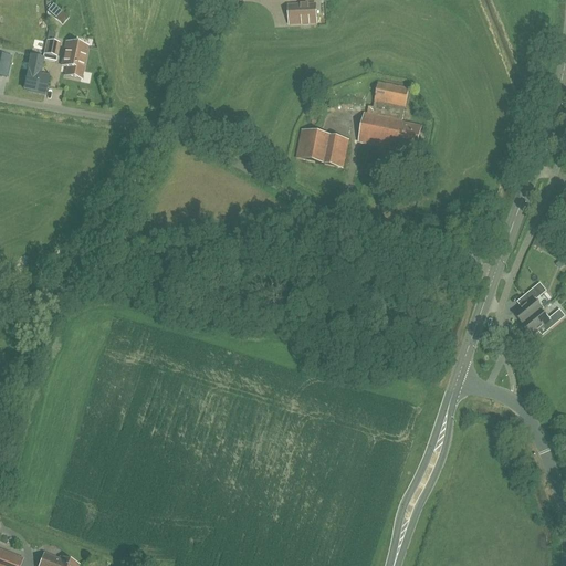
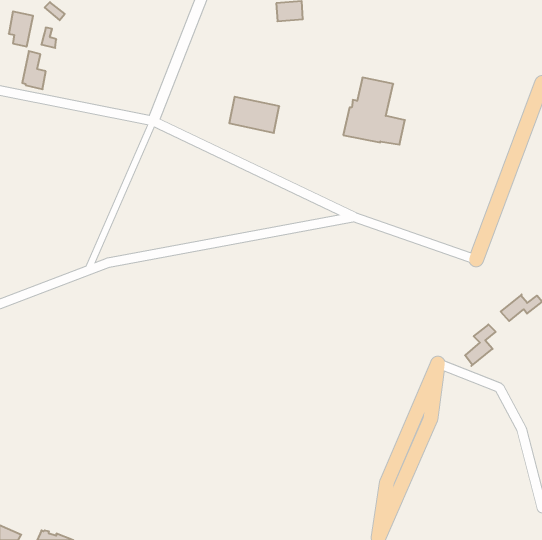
building: [61,40,86,76] -> [9,11,33,47]
building: [295,128,347,166] -> [229,97,279,133]
building: [514,281,546,324] -> [465,324,496,366]

